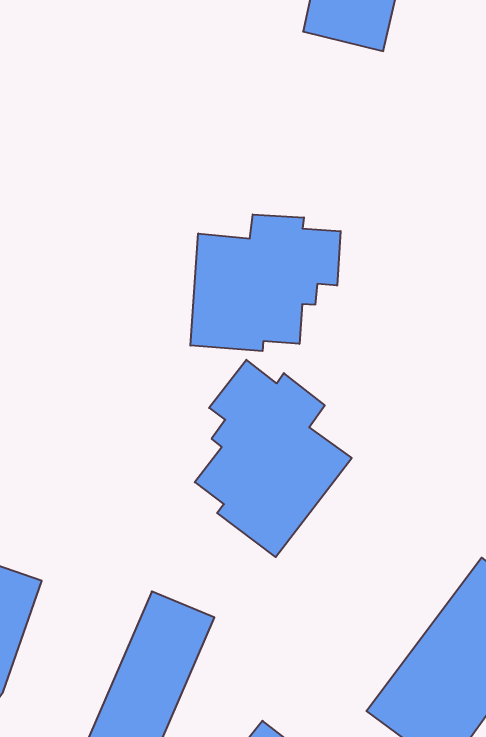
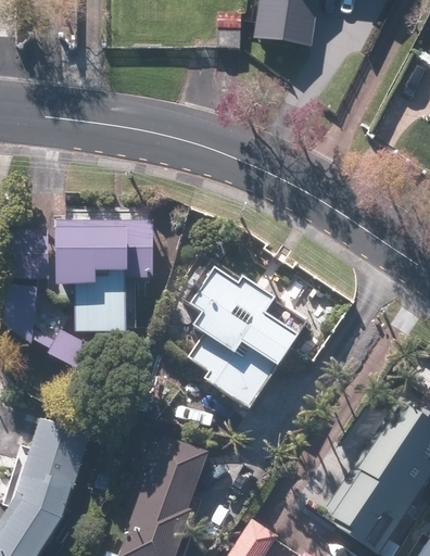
building: [190,214,341,351] -> none
building: none -> [52,223,150,332]

